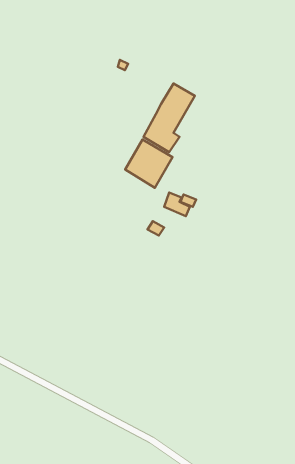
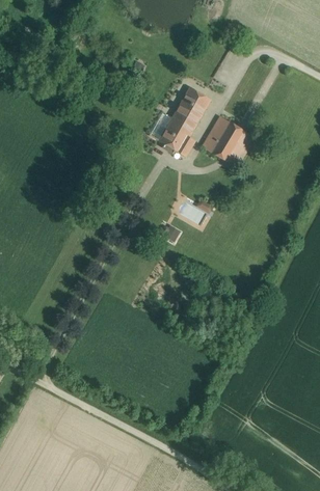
building: [125,140,172,188] -> [201,115,248,164]

